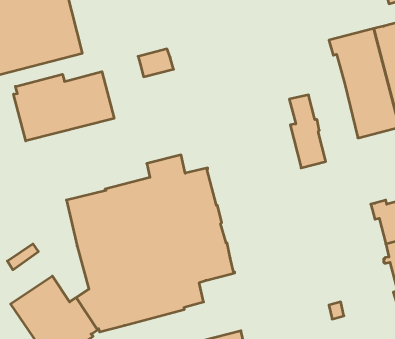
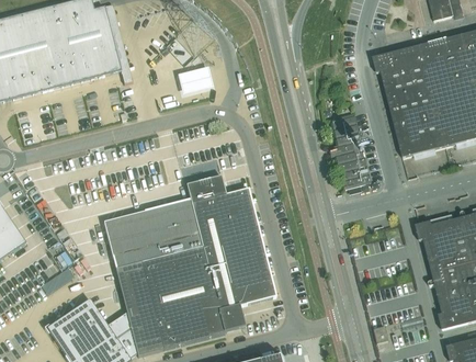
building: [14,72,114,141] -> none

